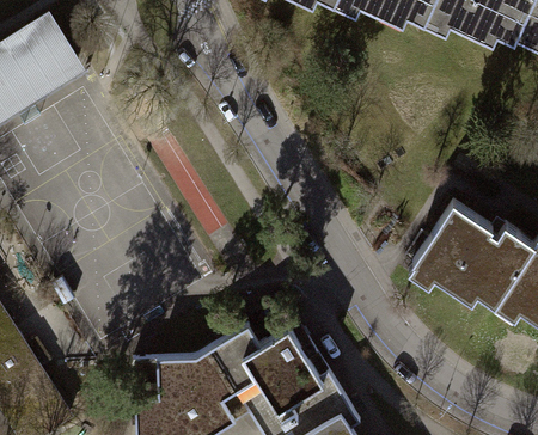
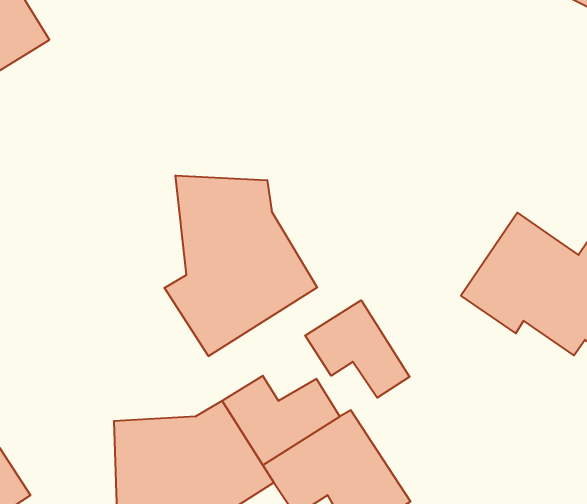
building: none -> [164,175,317,356]
building: none -> [305,300,410,398]

